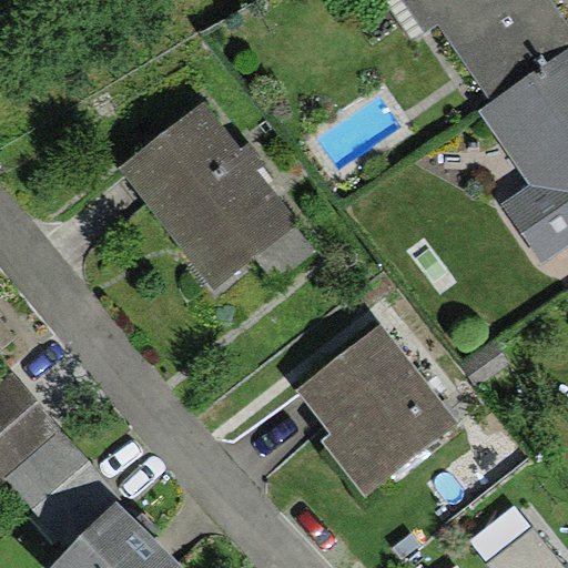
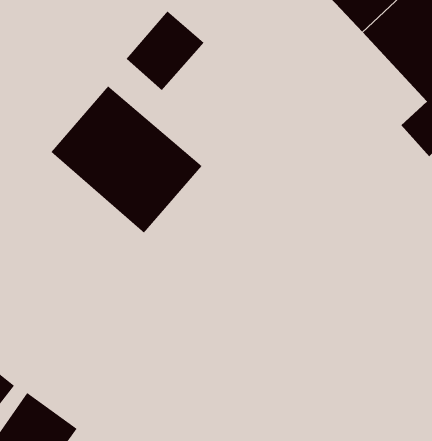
building: none -> [126,10,205,91]
building: [303,335,449,483] -> none

